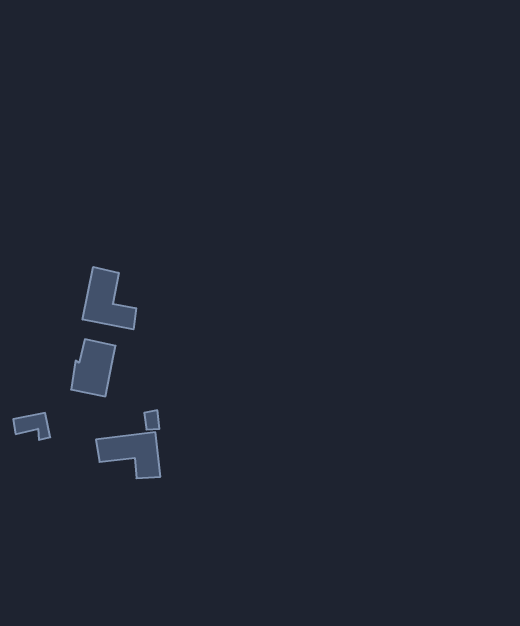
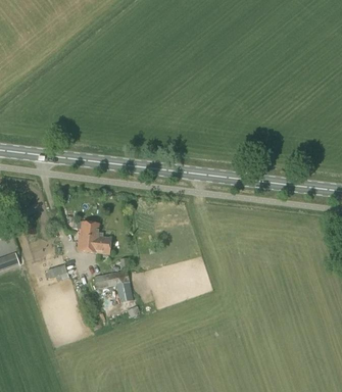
building: [83,267,136,329] -> none

